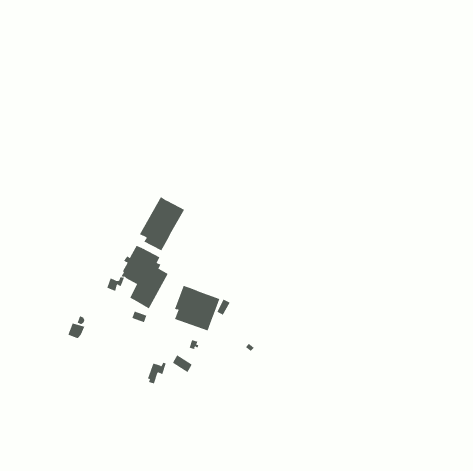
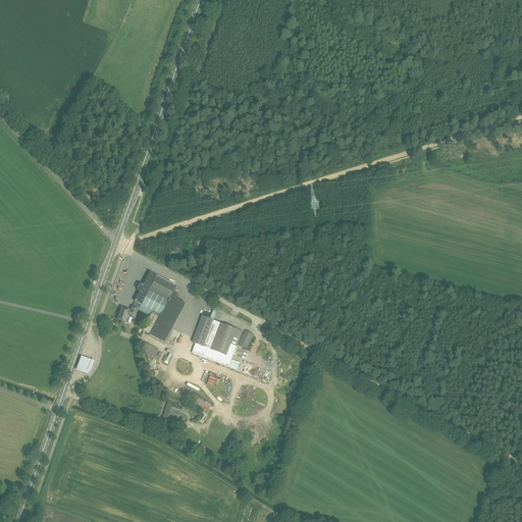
building: [139,196,185,251] -> none

